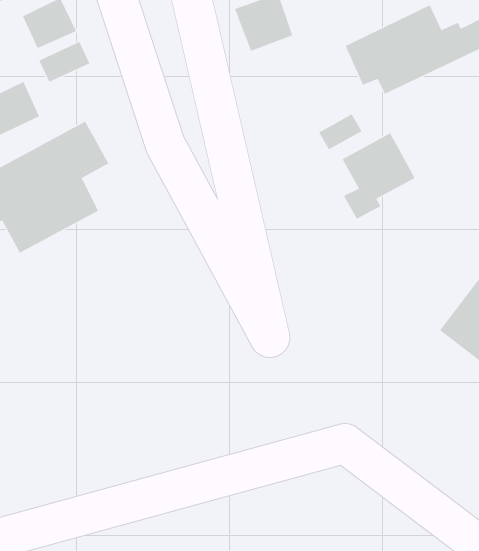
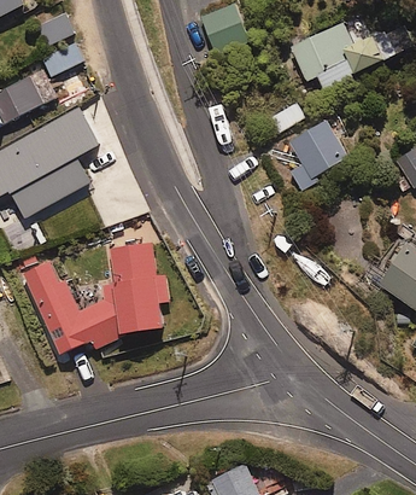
building: none -> [22,243,170,354]

